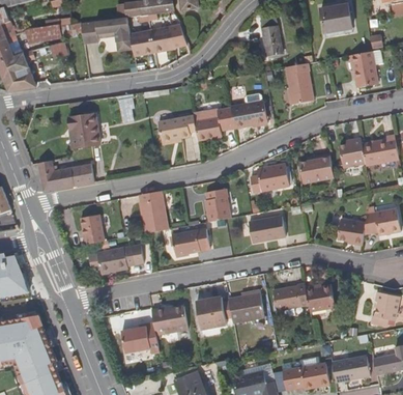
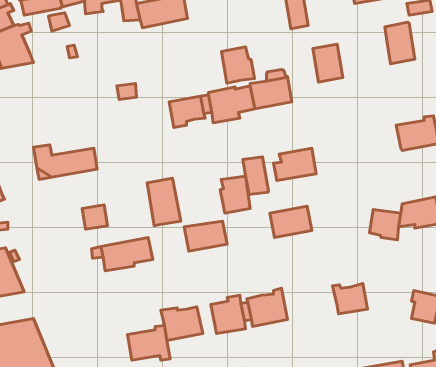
building: none -> [221,47,255,83]
building: [69,113,99,149] -> none
building: [338,137,365,168] -> none
building: [298,153,333,184] -> none
building: none -> [243,157,269,195]
building: [271,284,308,311] -> none

